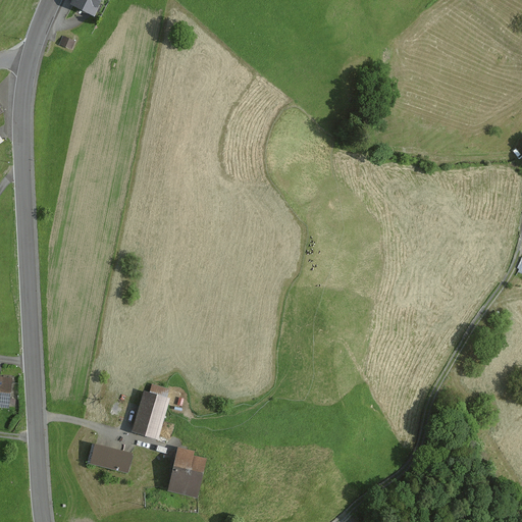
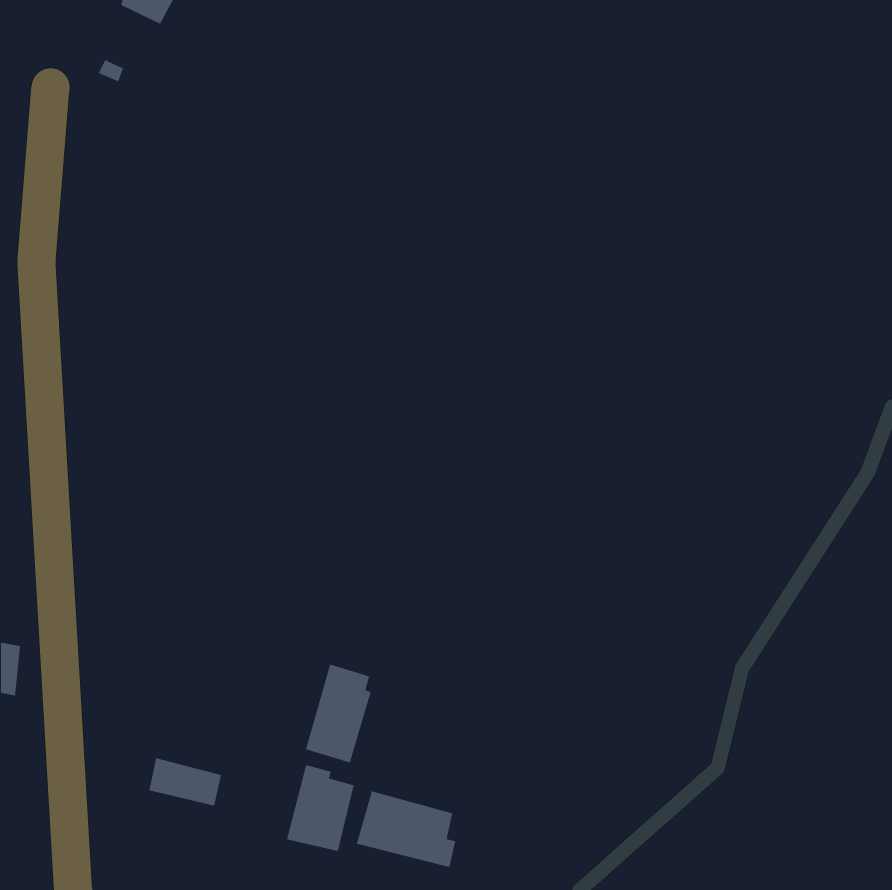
building: [132,381,170,439] -> [305,664,371,763]
building: none -> [356,791,456,868]

